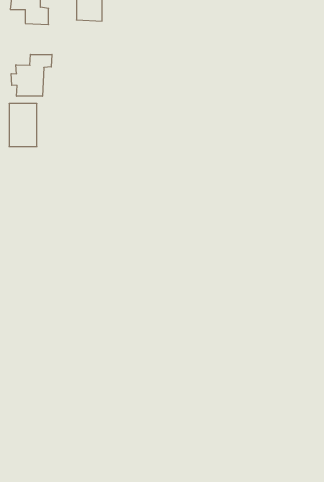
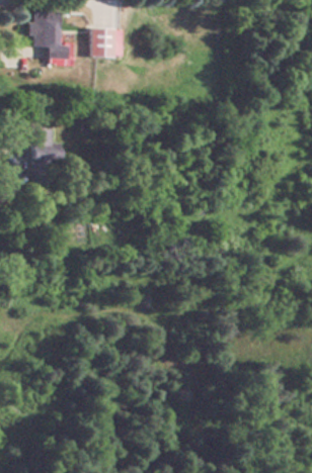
building: [11,54,52,96] -> none

